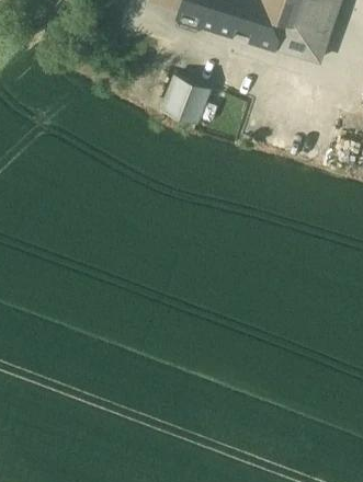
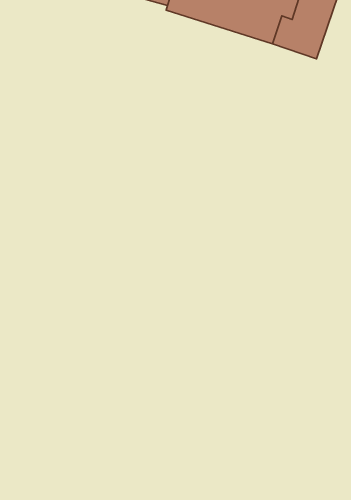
building: [165,72,212,119] -> none

